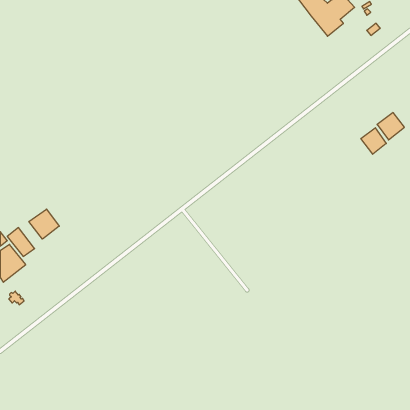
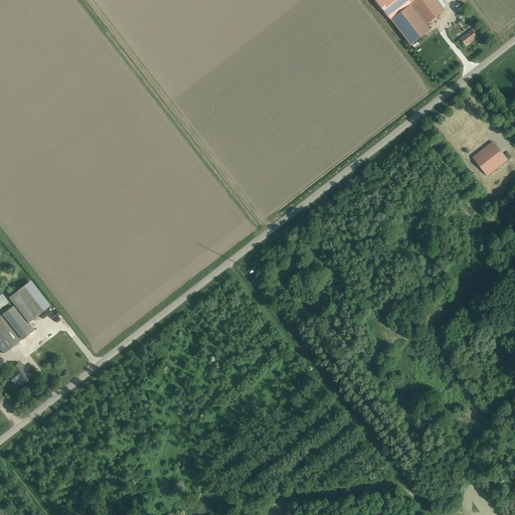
building: [361,128,386,154] -> none
building: [29,209,59,239] -> none

